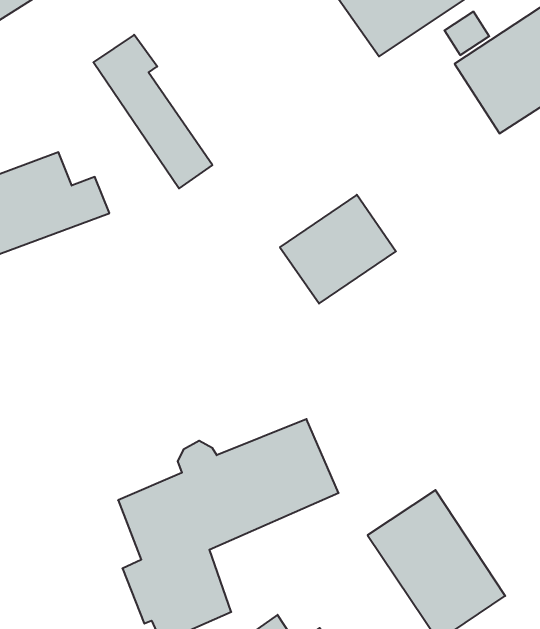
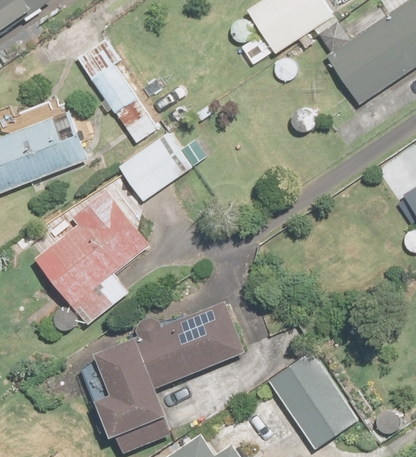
building: [280,195,396,304] -> [115,127,195,202]
building: none -> [34,189,151,324]

